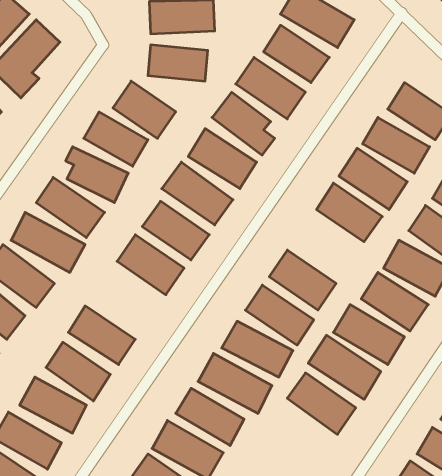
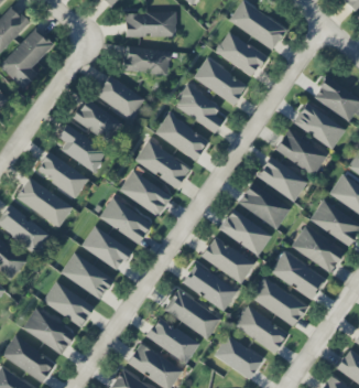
building: none -> [238,182,291,229]
building: none -> [80,226,131,270]
building: none -> [214,335,263,378]

